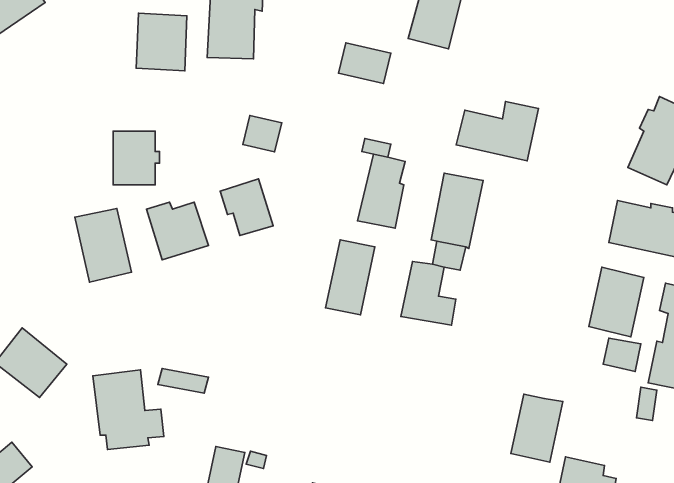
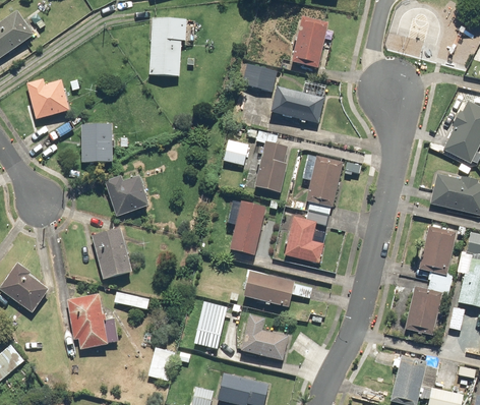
building: [136,13,187,71] -> none
building: none -> [27,78,70,119]
building: [456,101,539,161] -> [269,80,327,122]
building: [243,116,282,152] -> [222,139,249,165]
building: [220,179,273,235] -> none
building: [75,208,131,282] -> [93,228,132,280]
building: none -> [243,271,295,306]
building: none -> [194,301,227,348]
building: [511,394,563,462] -> [405,289,441,337]
building: none -> [242,315,288,359]

